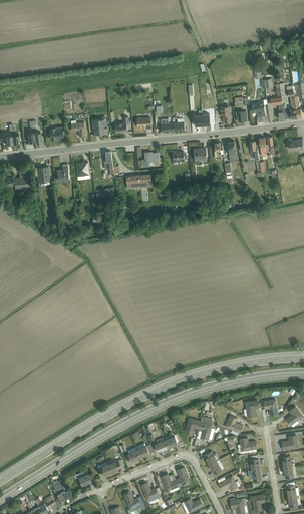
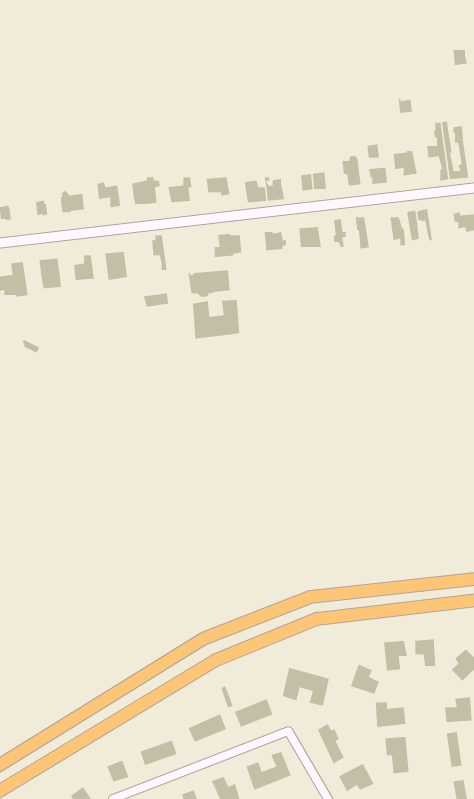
building: none -> [192,299,240,340]

